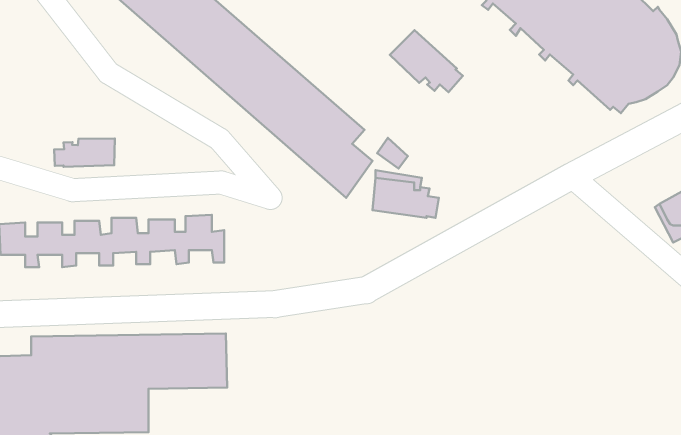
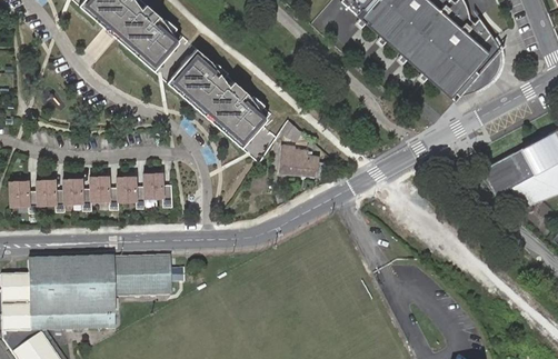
building: [390,30,463,92] -> none
building: [54,139,115,167] -> none

